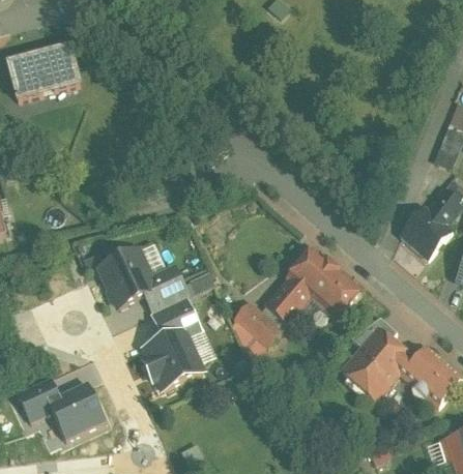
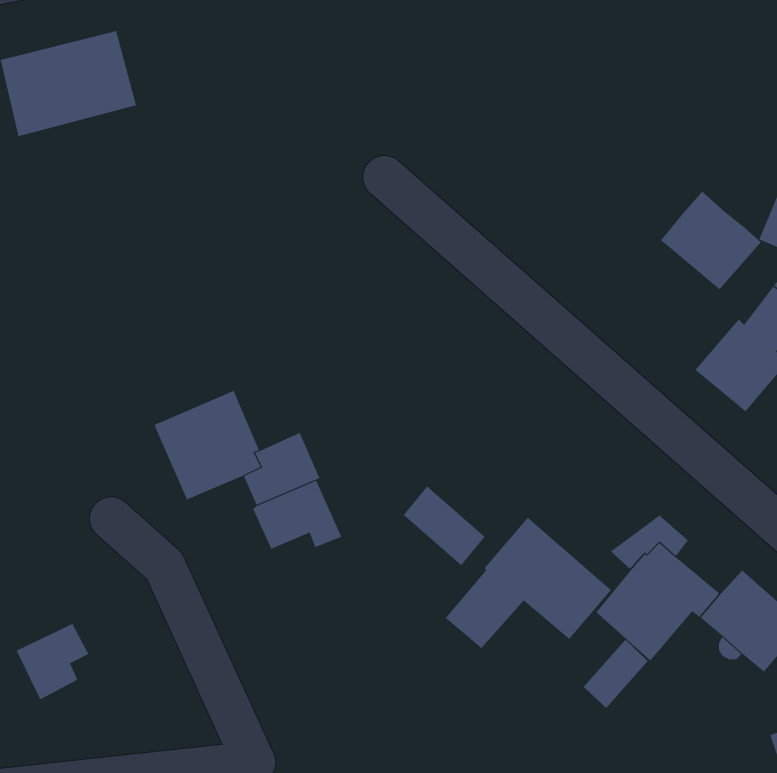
building: none -> [660,191,762,290]
building: [265,248,359,323] -> [445,517,612,649]
building: [139,327,202,392] -> none
building: [47,382,104,439] -> none
building: none -> [583,639,649,709]

